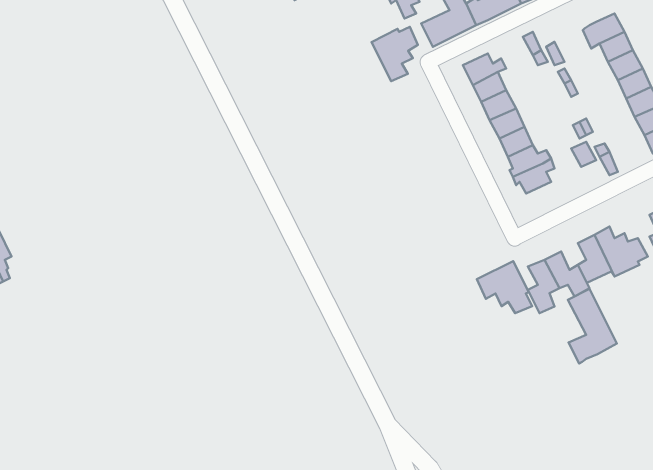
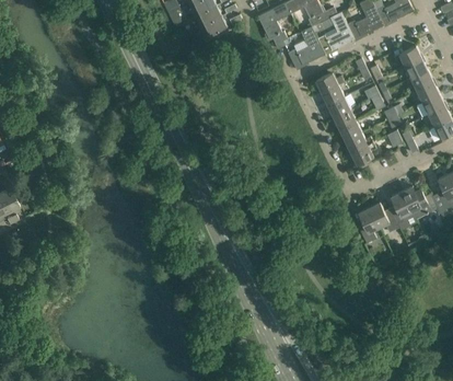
building: [372,27,418,81] -> none
building: [477,261,532,313] -> none
building: [568,289,617,363] -> none

